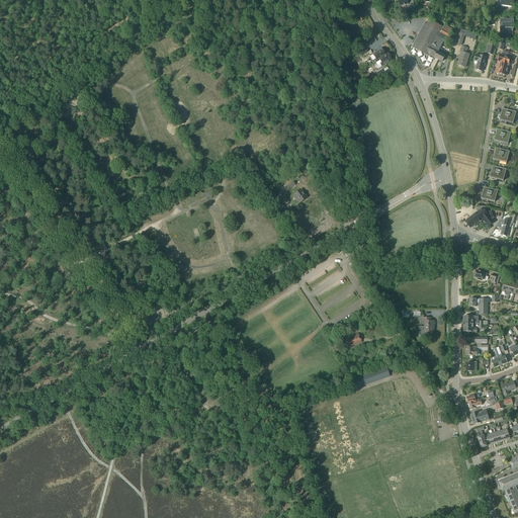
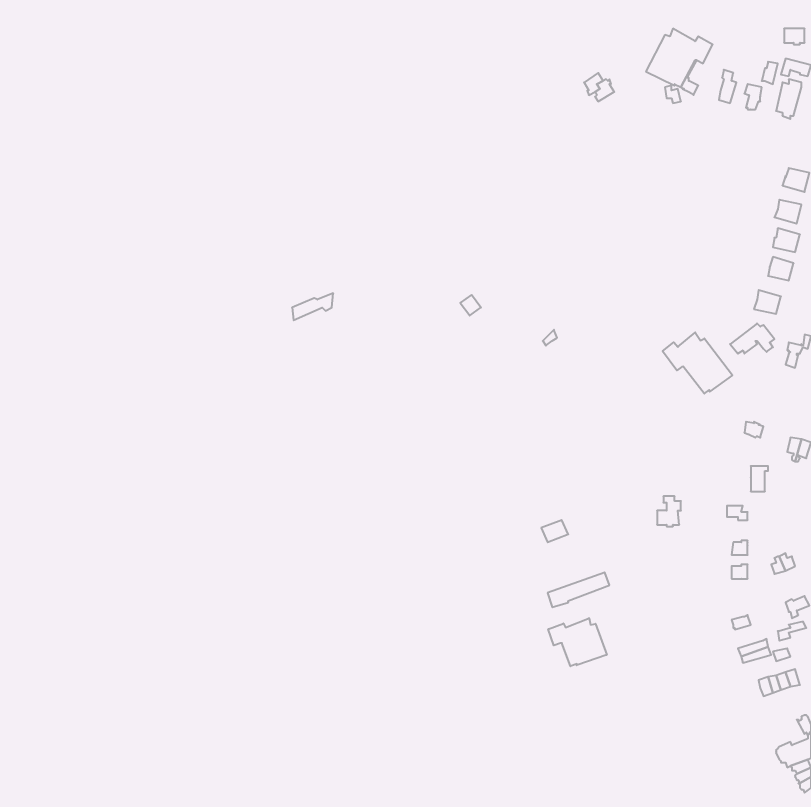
building: none -> [663,332,732,394]
building: none -> [548,618,607,666]

